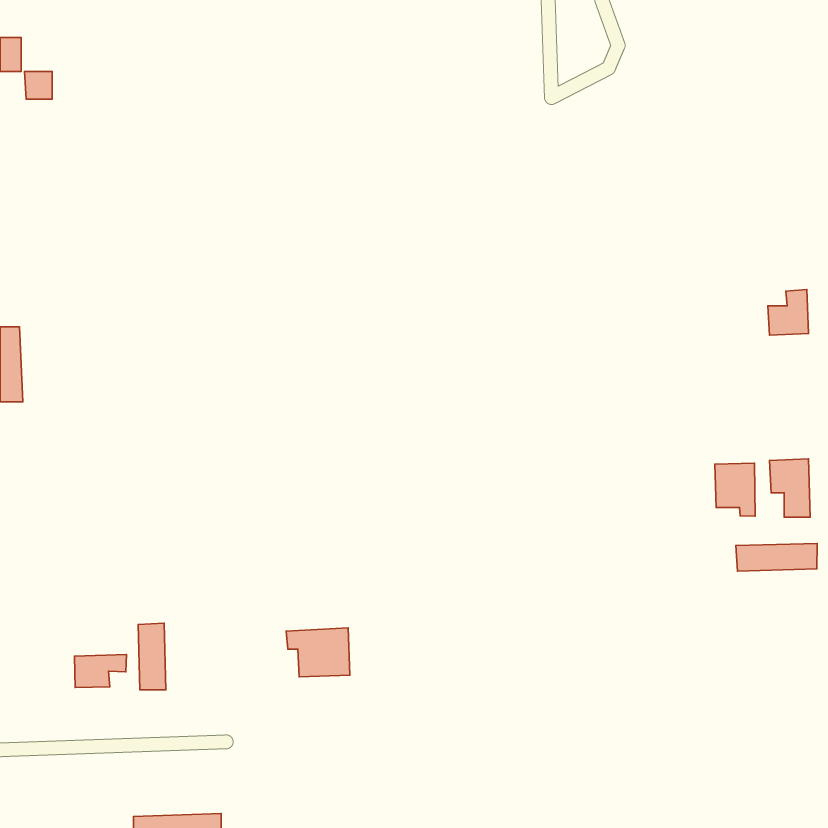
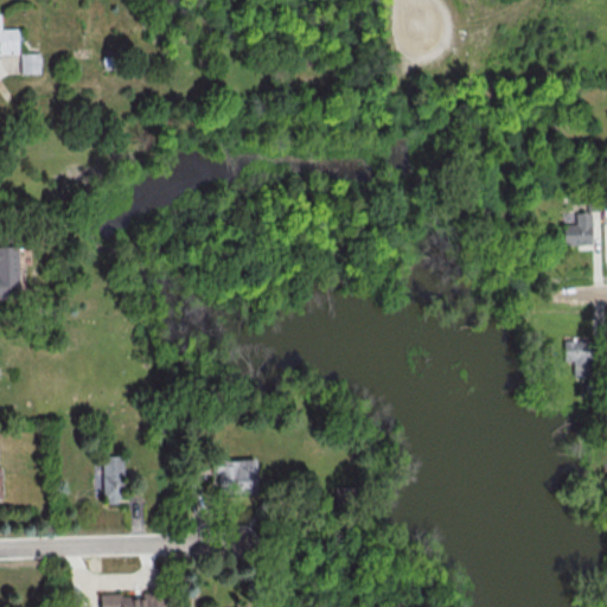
building: [715,463,755,516] -> none
building: [736,543,817,571] -> none
building: [75,655,126,687] -> none

